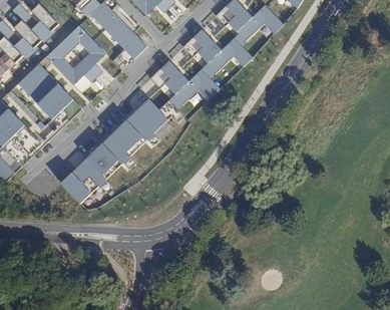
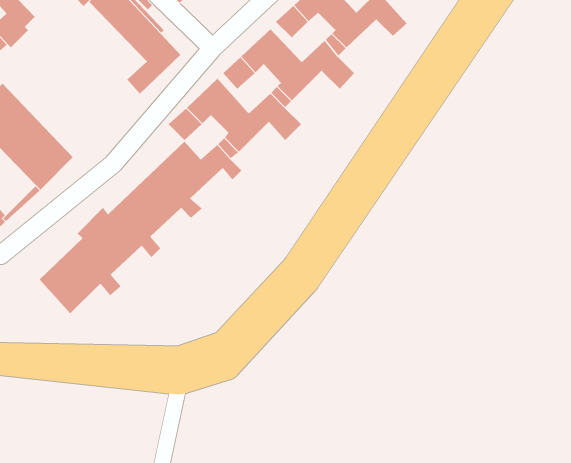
building: [45,24,105,84] -> none

